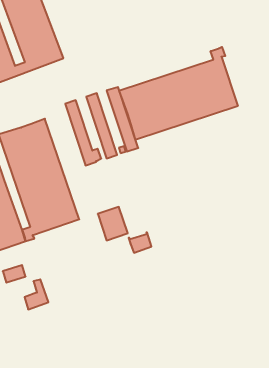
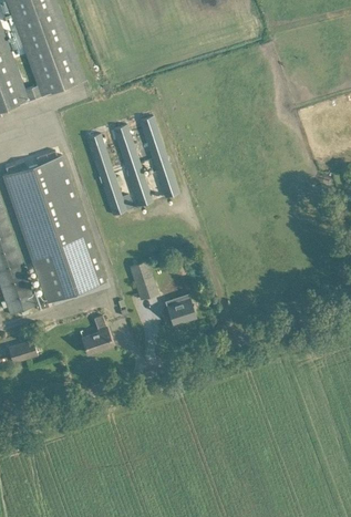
building: [119,47,238,140] -> none
building: [25,279,48,309] -> [82,314,112,352]

